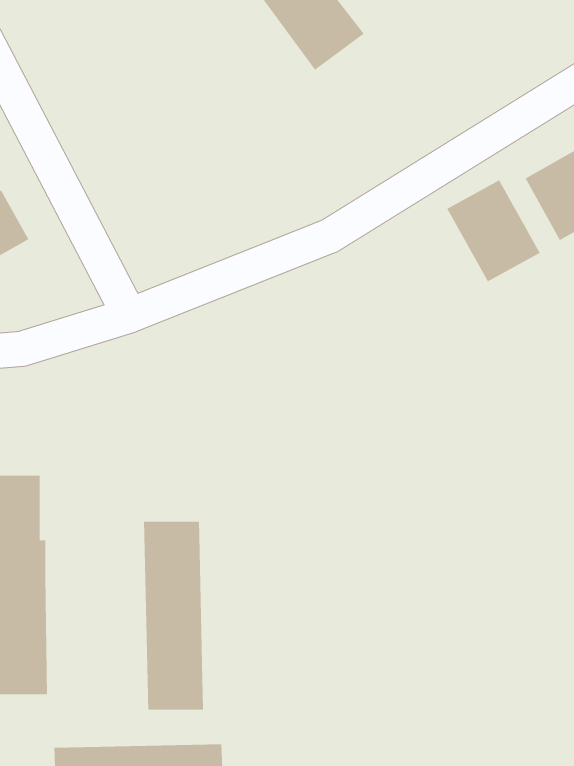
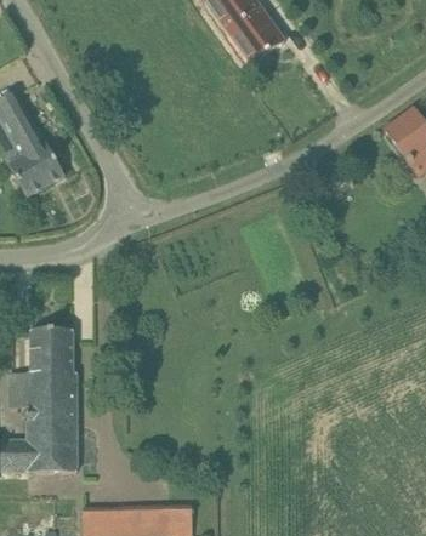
building: [446,179,541,282] -> none
building: [143,521,204,710] -> none

